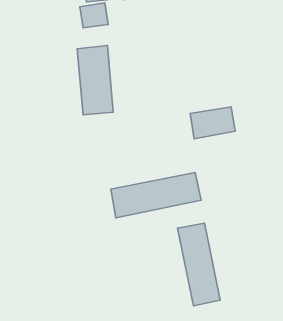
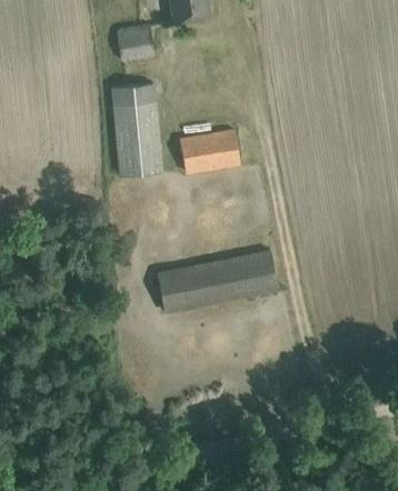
building: [190,107,235,139] -> [179,130,239,172]
building: [177,223,220,306] -> none

